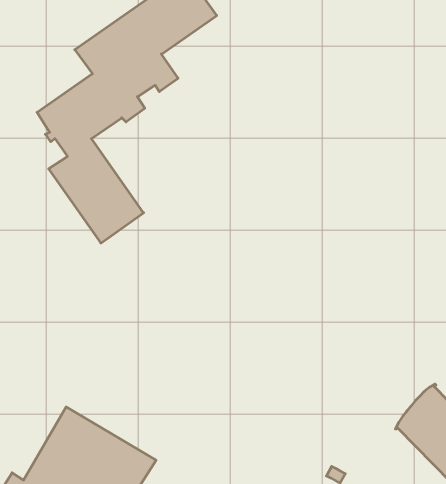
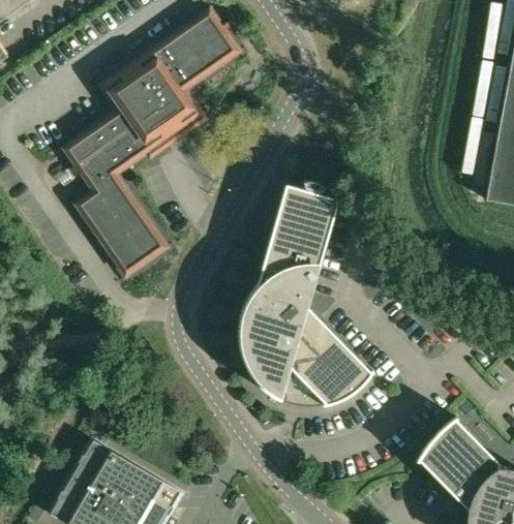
building: none -> [239,185,374,406]

